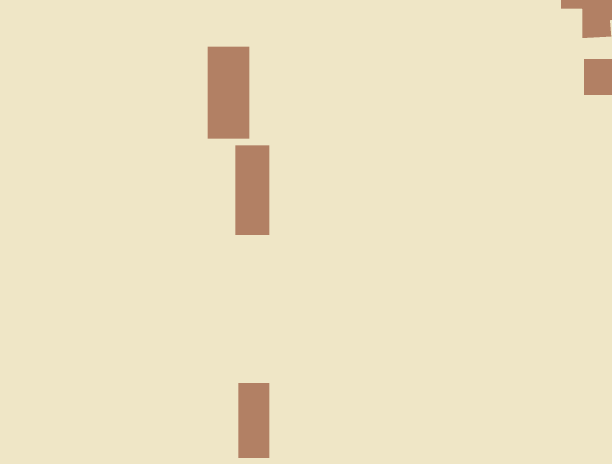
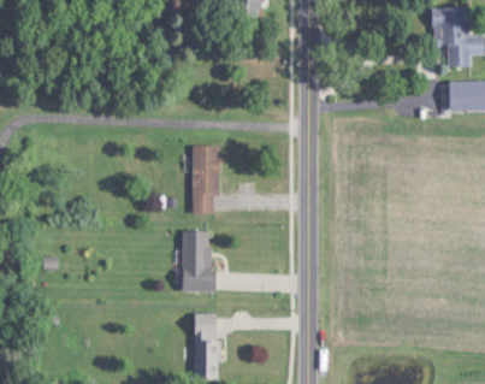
building: [207,46,250,140] -> none
building: none -> [182,230,212,291]

